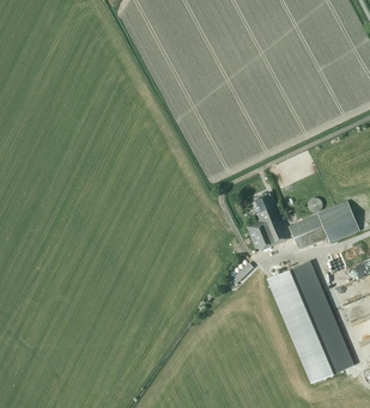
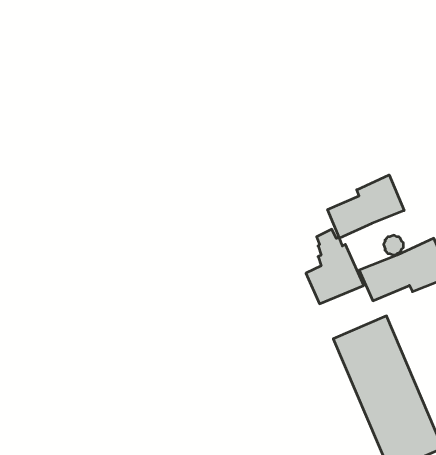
building: none -> [328,175,404,238]

